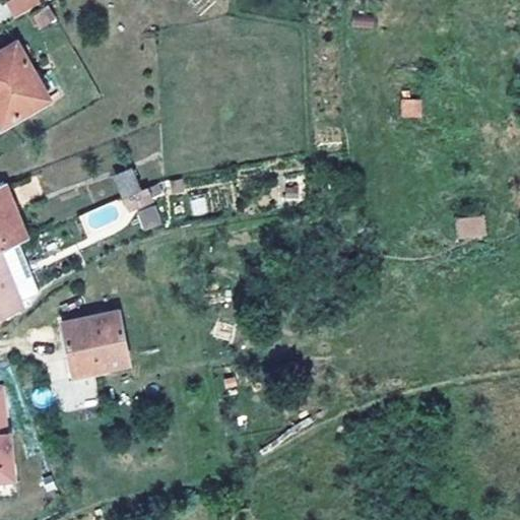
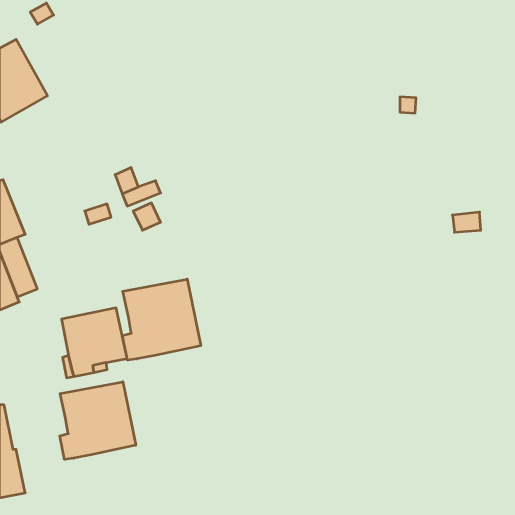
building: none -> [122,279,201,360]
building: none -> [60,382,136,459]

